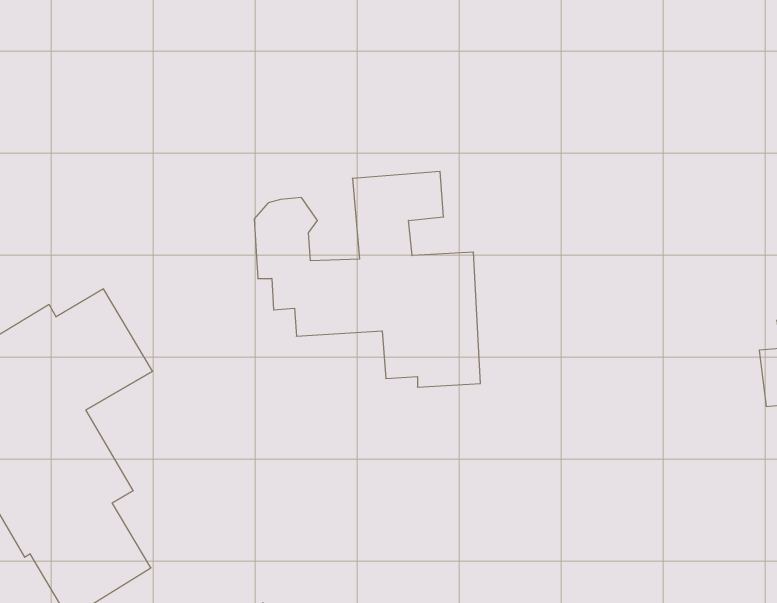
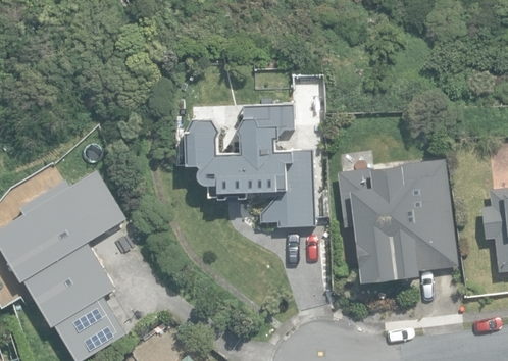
building: none -> [337,160,459,279]

